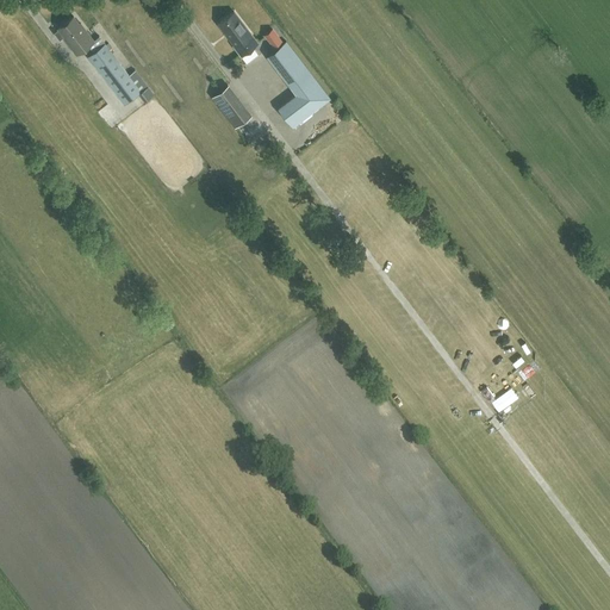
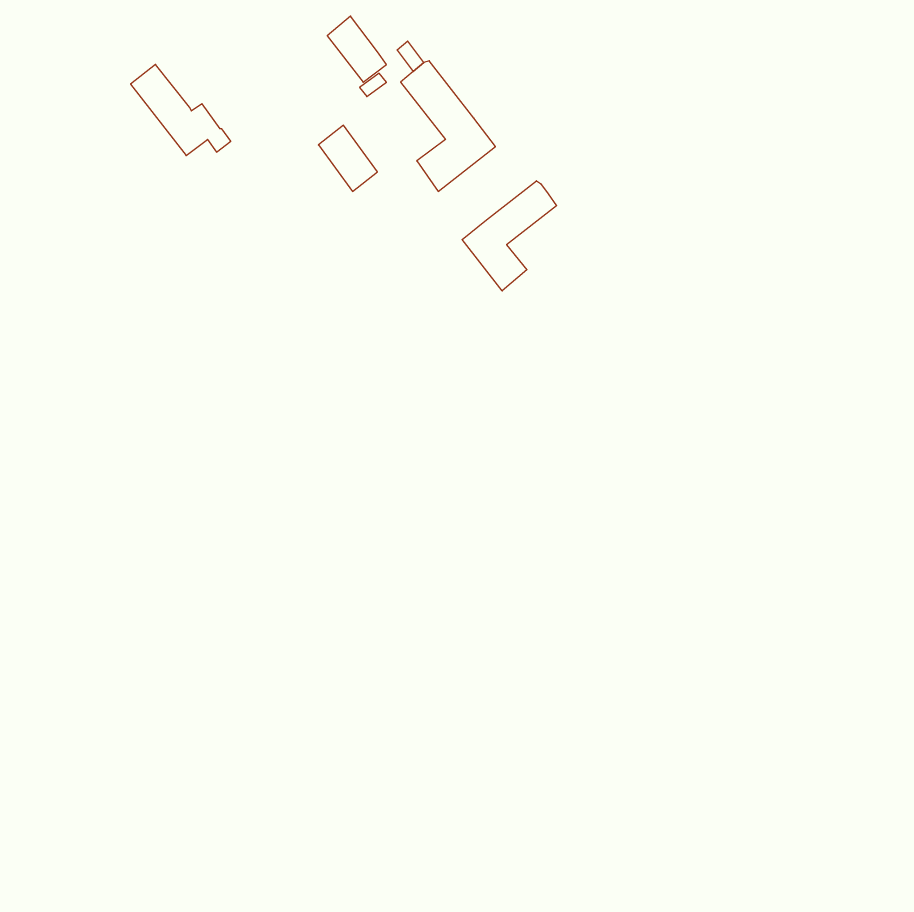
building: [54,17,93,55] -> none
building: none -> [462,181,557,291]

